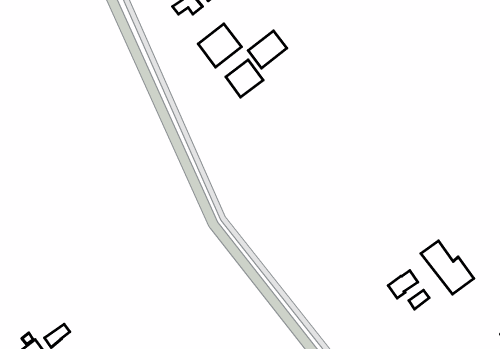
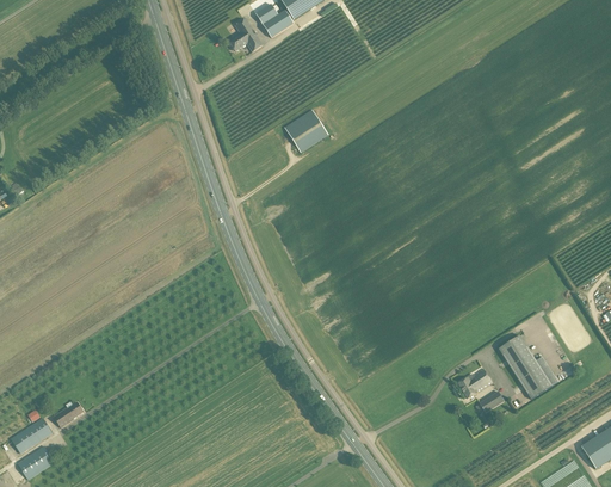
building: [198,24,241,67] -> none
building: [248,31,287,68] -> none

